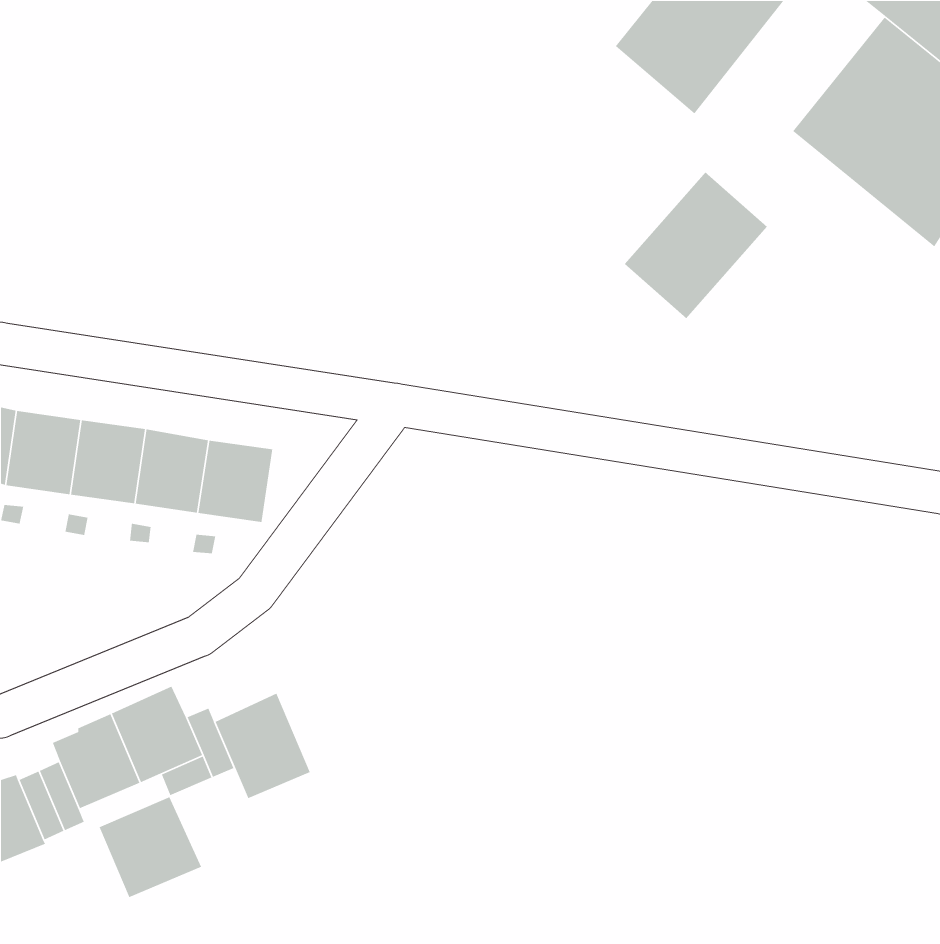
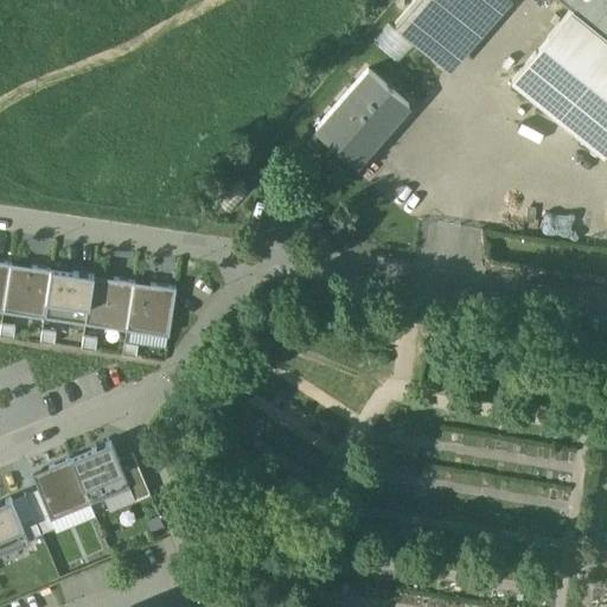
building: [624,172,768,319] -> [315,71,408,166]
building: [215,693,311,799] -> none
building: [99,796,202,898] -> none

